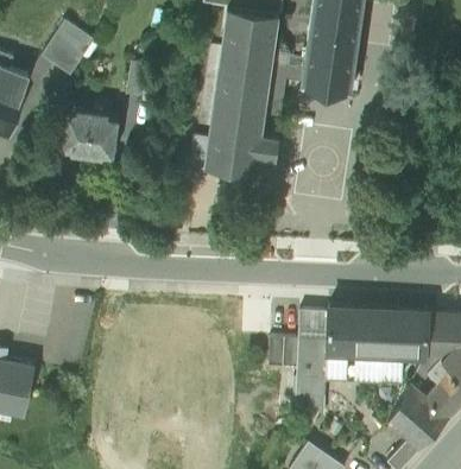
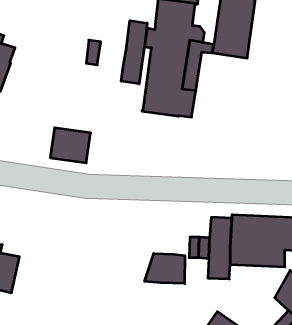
building: [42,24,95,78] -> none
building: none -> [121,21,147,84]
building: [62,112,118,160] -> [50,128,91,163]
building: none -> [145,253,185,284]

